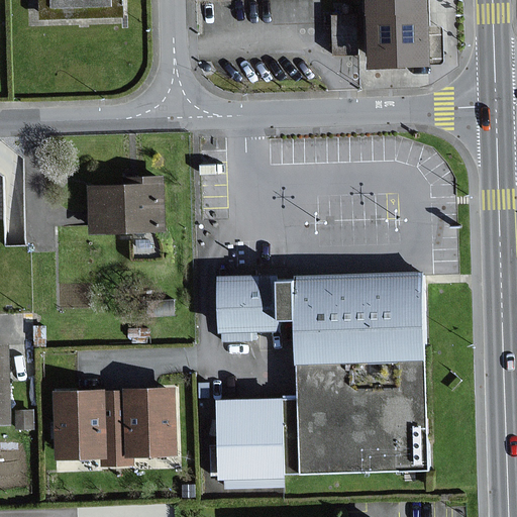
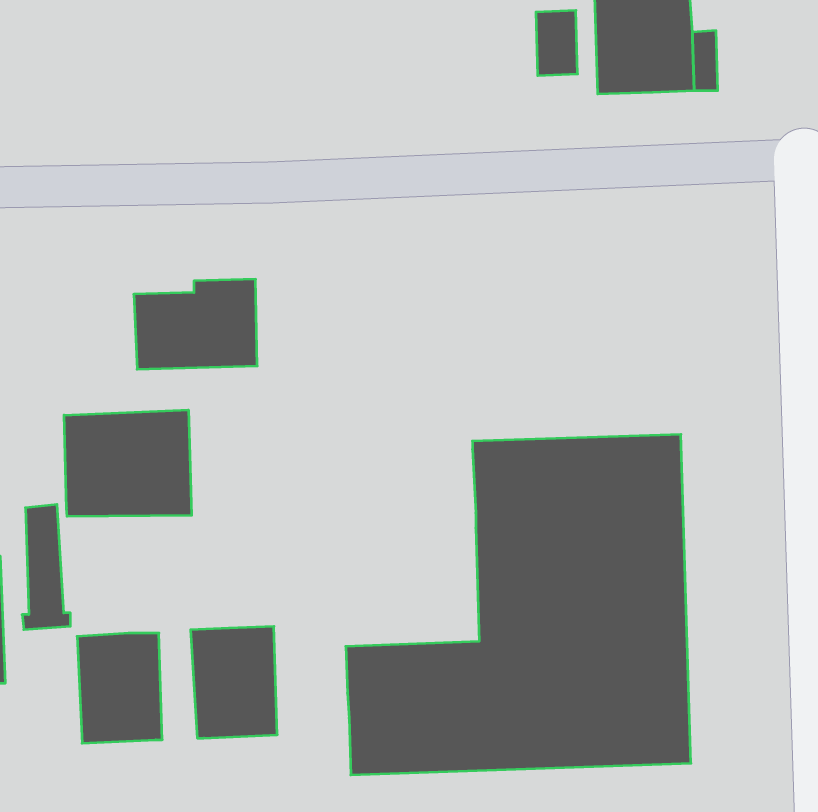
building: none -> [64,410,192,516]
building: [217,276,295,331] -> none
building: [101,390,130,466] -> [22,504,70,630]

